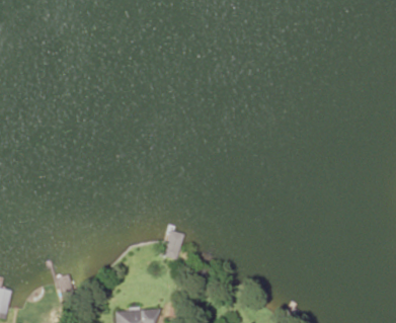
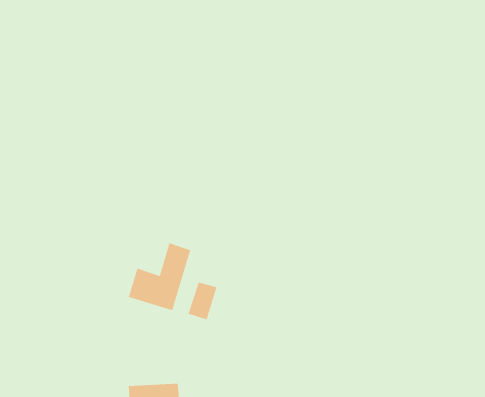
building: none -> [128,242,191,311]

